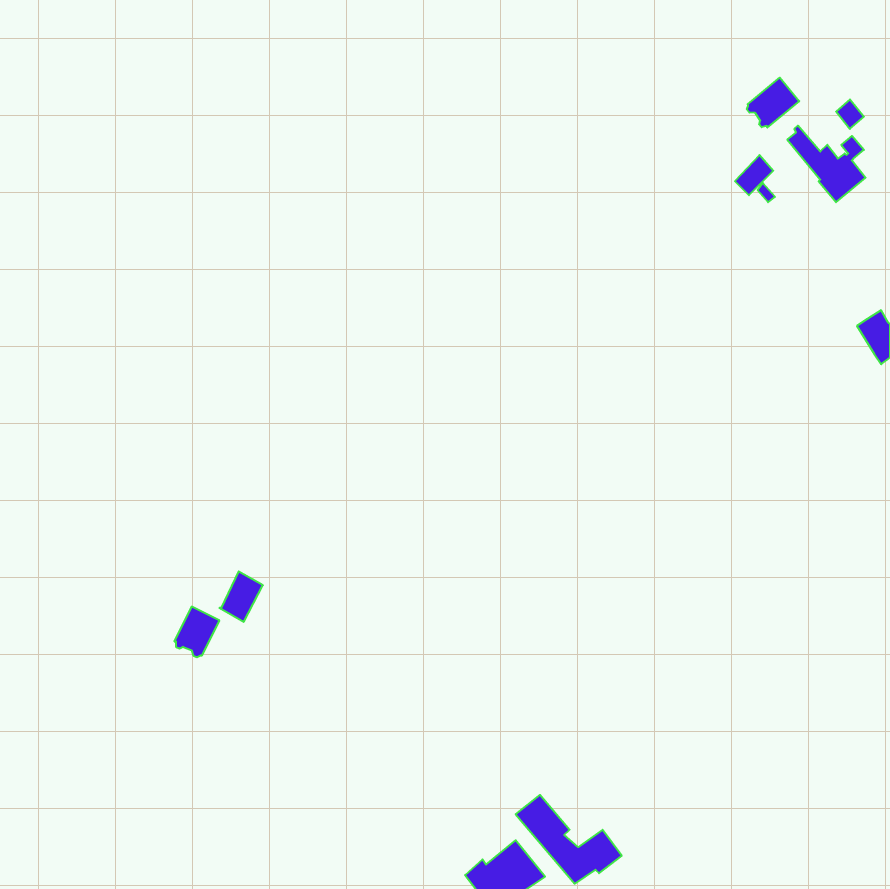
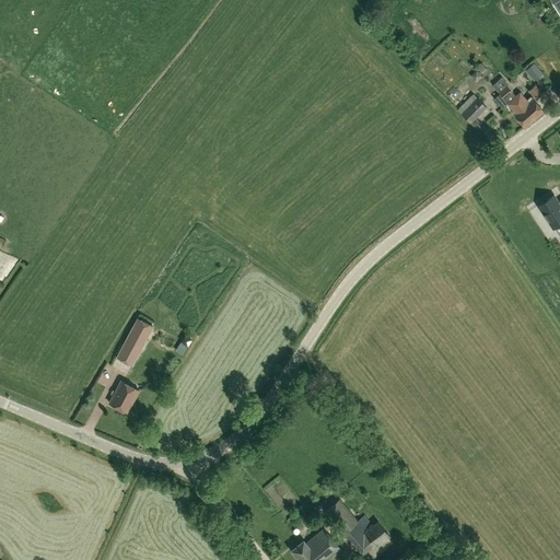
building: [747,78,799,128] -> none
building: [219,571,263,622] -> [124,319,151,351]

